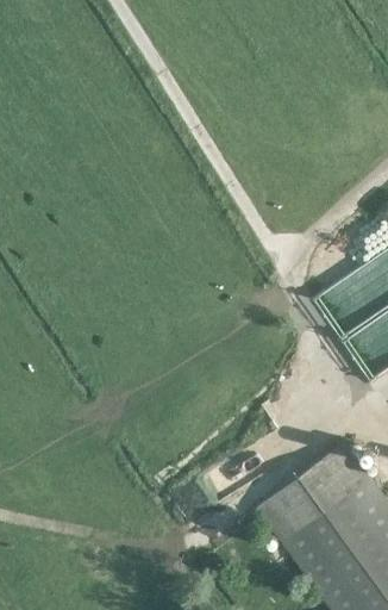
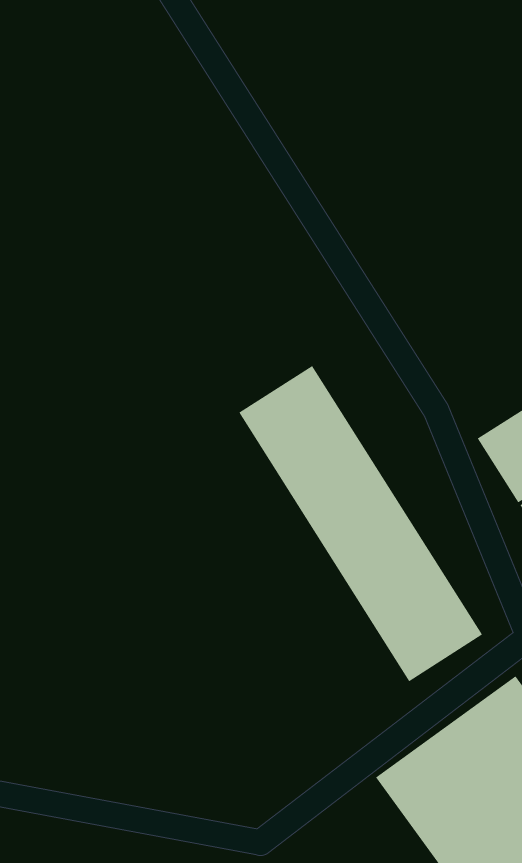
building: none -> [238,365,483,682]

